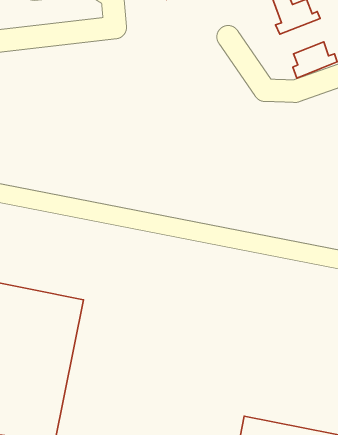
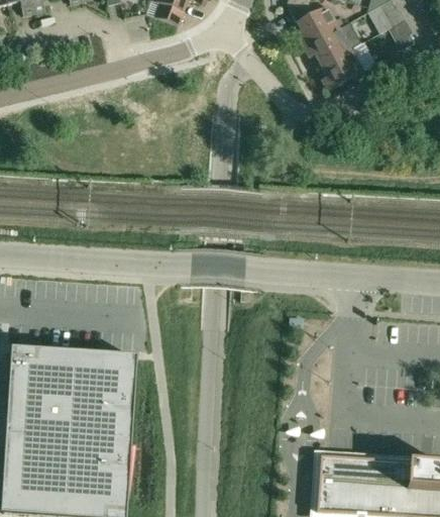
building: none -> [304,22,351,64]

